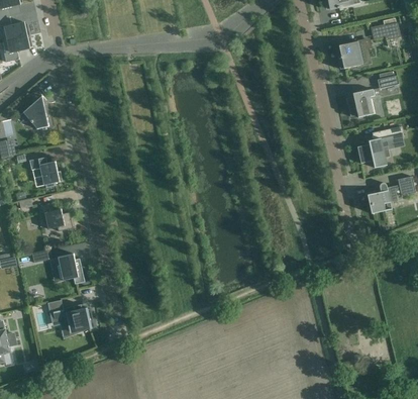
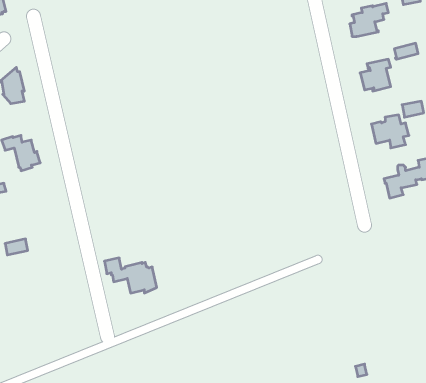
building: [39,203,72,231] -> none
building: [57,254,84,284] -> none
building: [46,300,93,331] -> [104,258,157,293]

